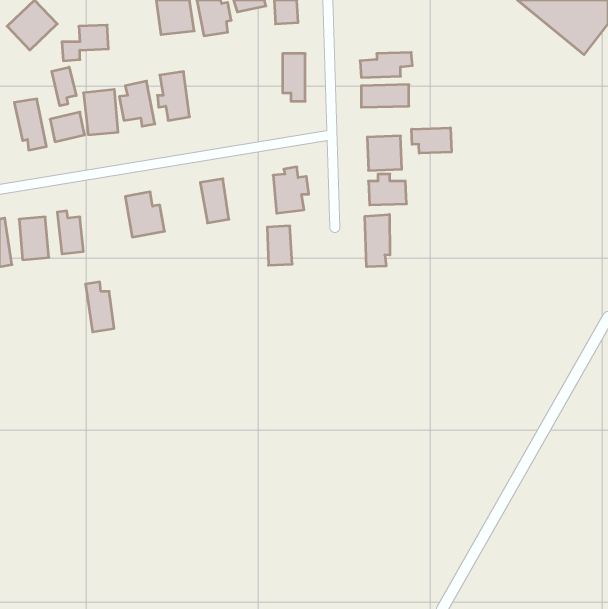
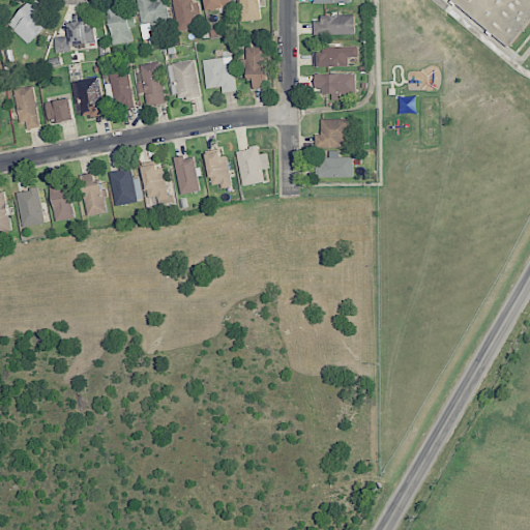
building: none -> [106,4,130,46]
building: none -> [313,14,354,35]
building: none -> [203,58,234,92]
building: [52,67,76,106] -> none
building: none -> [167,60,200,99]
building: [412,128,451,153] -> none
building: none -> [143,166,169,204]
building: [365,214,390,267] -> none
building: [267,226,292,265] -> [207,152,229,186]
building: [85,282,114,332] -> [80,173,105,216]

